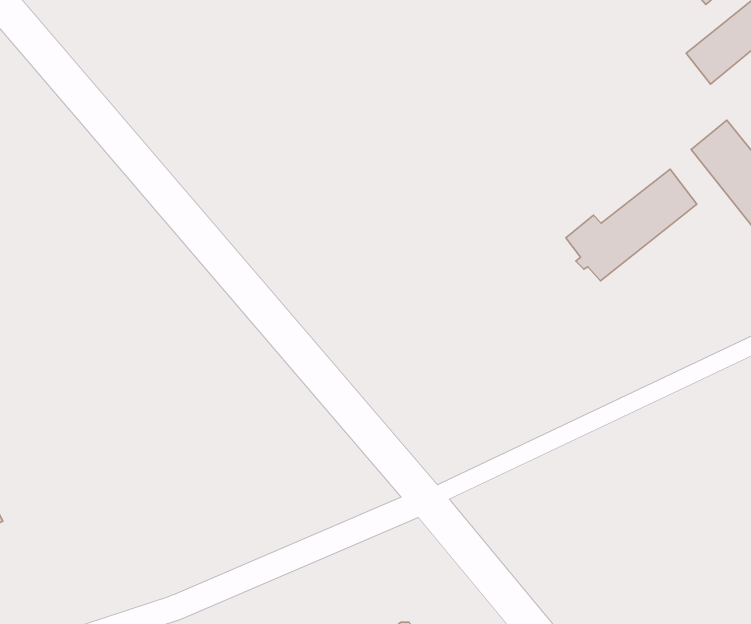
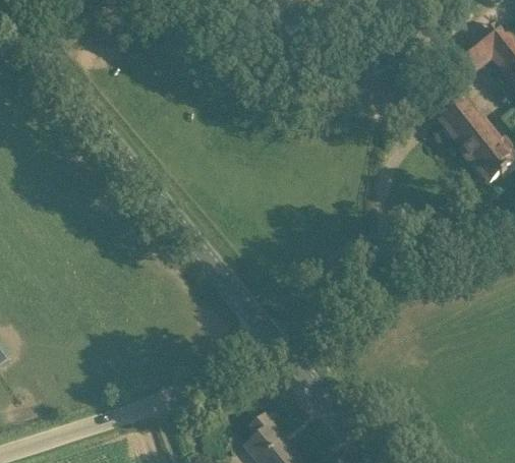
building: [566,169,697,281] -> none

